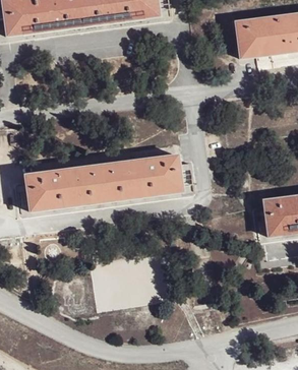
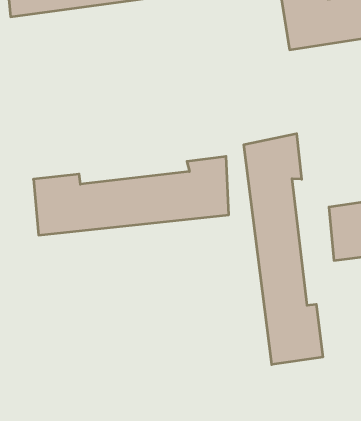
building: none -> [244,134,323,365]

